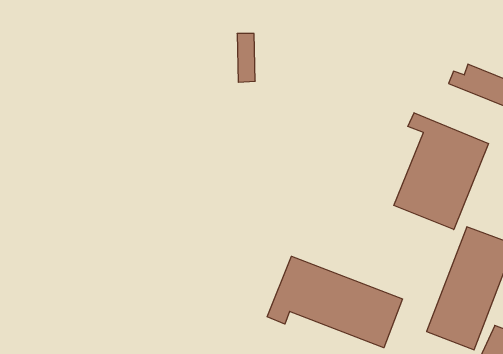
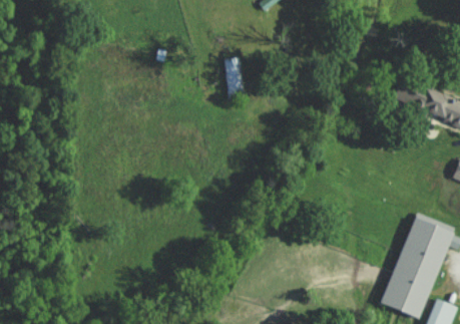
building: [394,113,488,230] -> none
building: [267,256,403,348] -> none

